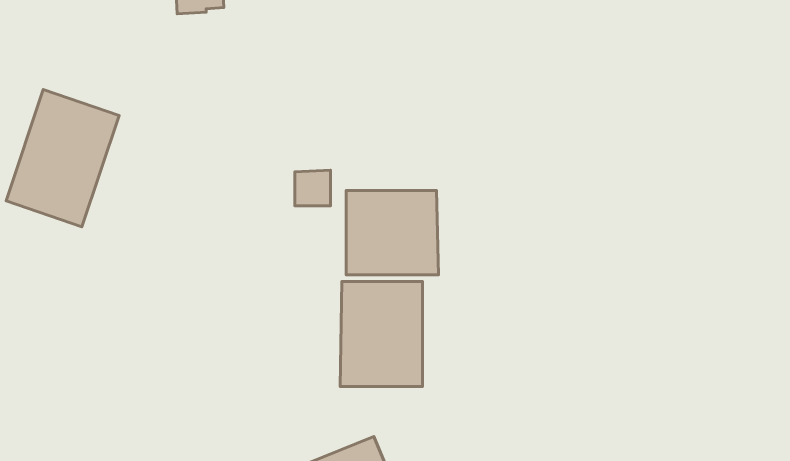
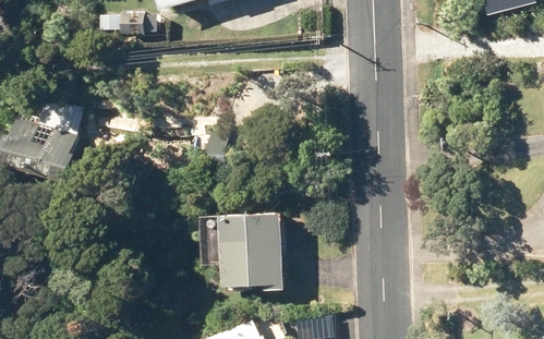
building: [346,190,438,275] -> none

